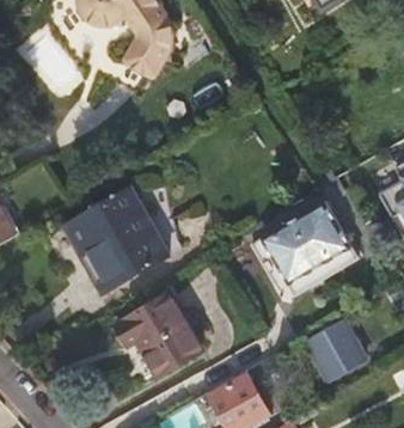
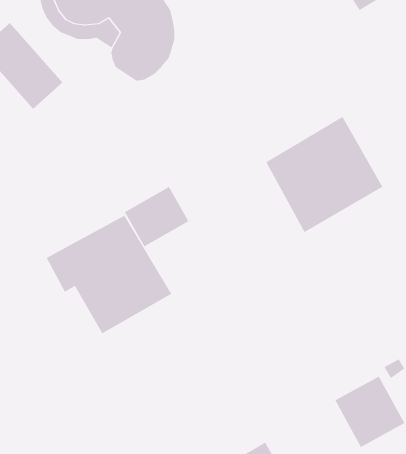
building: none -> [124,186,189,247]
building: [257,200,355,296] -> [265,116,383,233]
building: [111,292,200,374] -> none

